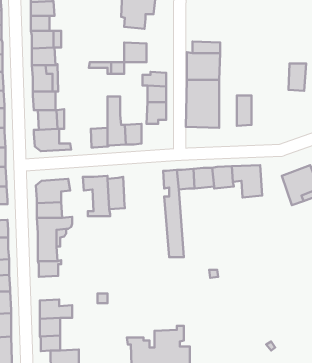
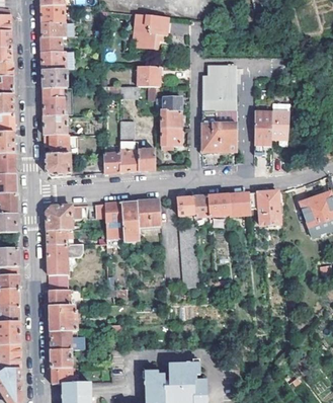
building: [288,63,306,91] -> [271,112,289,141]
building: none -> [136,199,162,225]
building: none -> [50,306,78,331]

